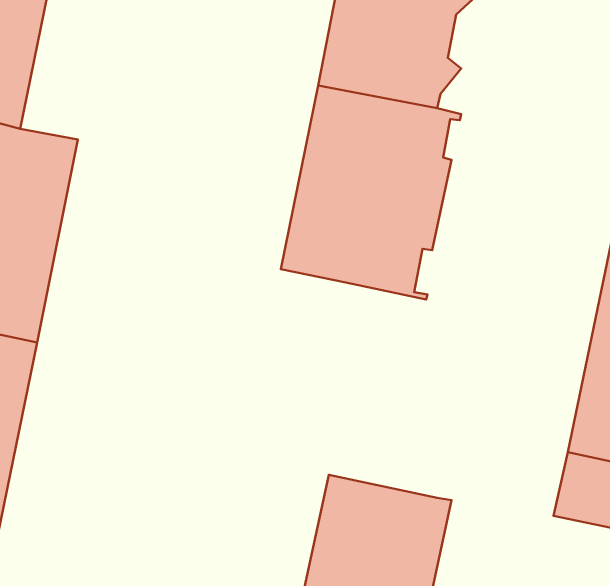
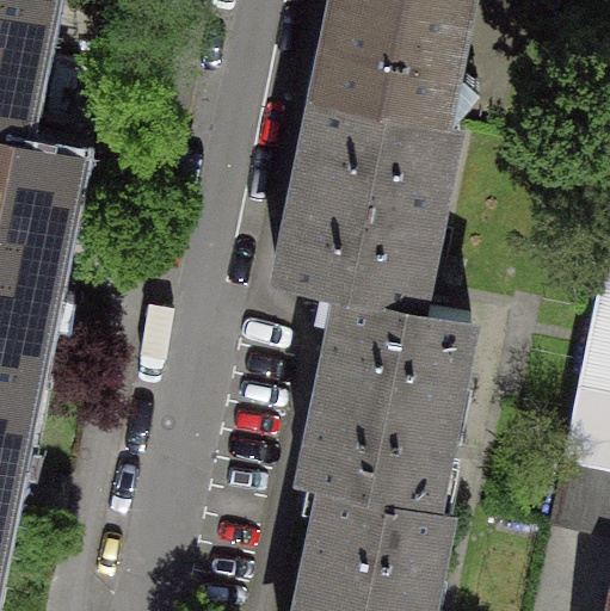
building: none -> [308,288,475,501]

